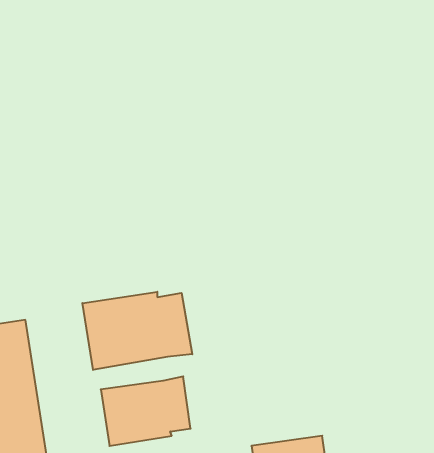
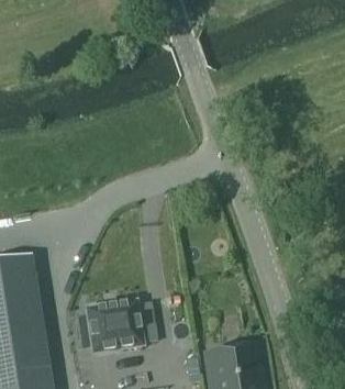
building: [82,292,192,370] -> none

